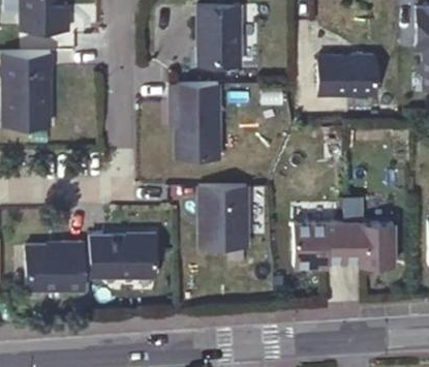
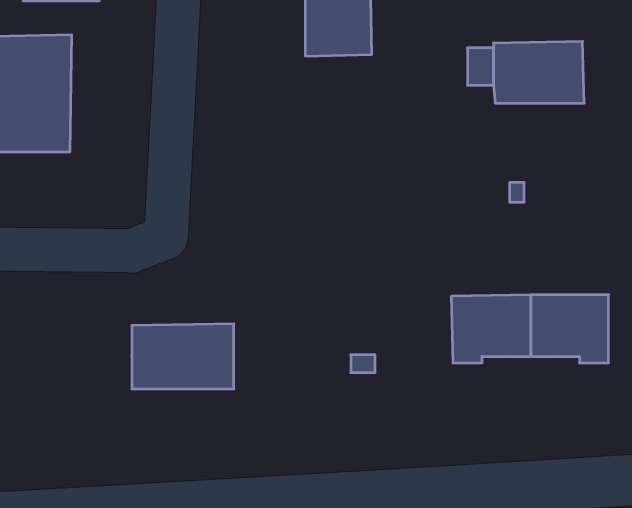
building: [170,84,219,158] -> none
building: [200,186,247,252] -> none
building: [26,243,83,292] -> none

